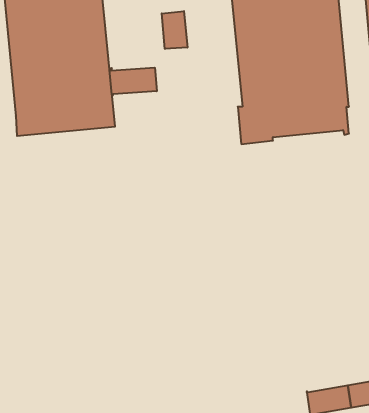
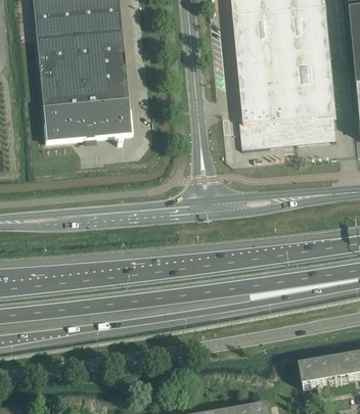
building: [162,11,187,49] -> none
building: [110,68,157,96] -> none

